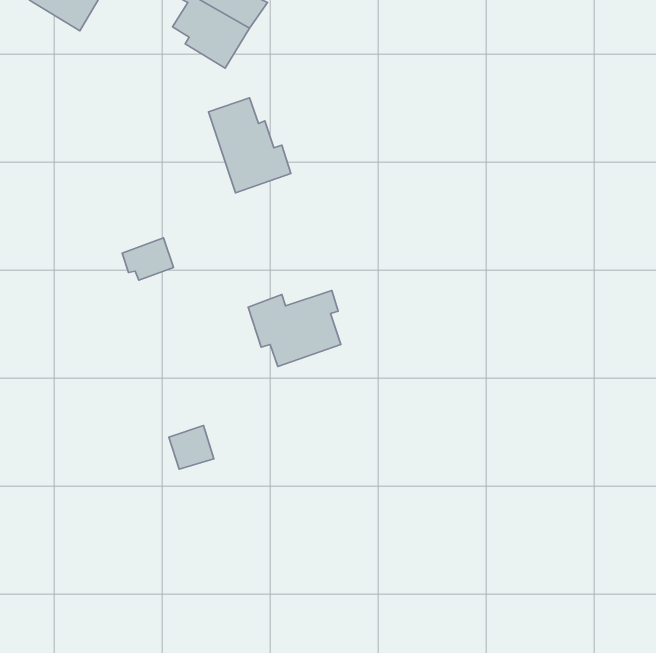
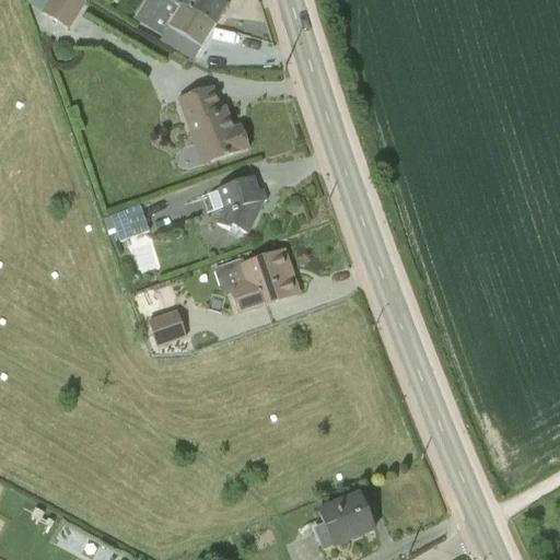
building: none -> [215,175,267,234]
building: [169,425,214,469] -> [148,308,186,346]
building: none -> [313,491,374,548]

